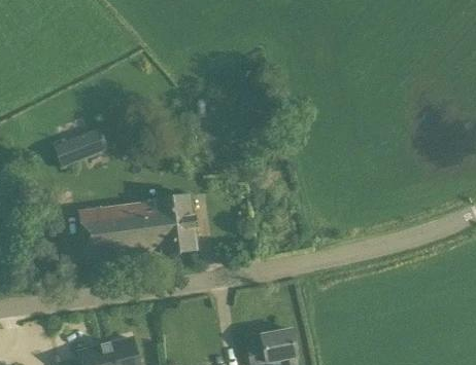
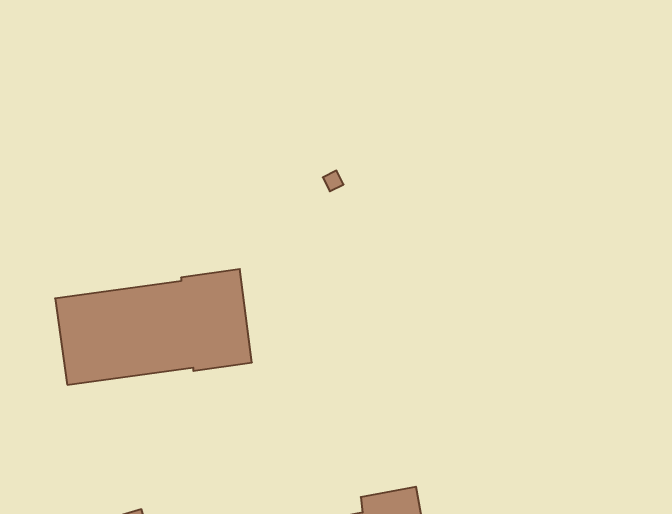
building: [53,127,107,167] -> none

